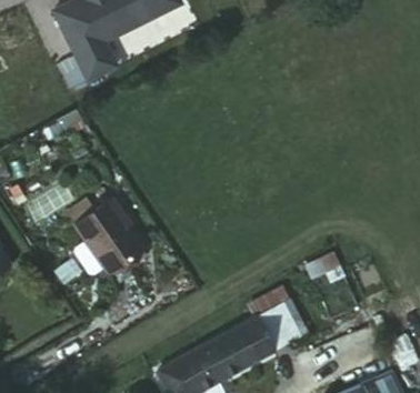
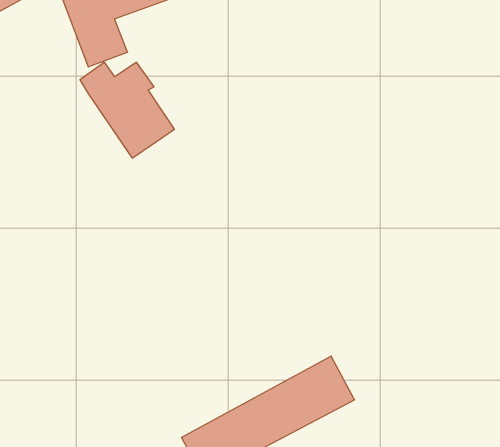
building: [56,190,128,263] -> [80,62,174,158]

